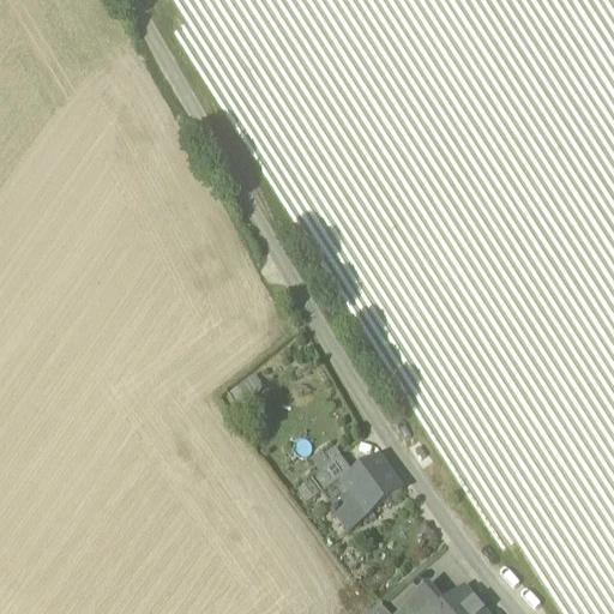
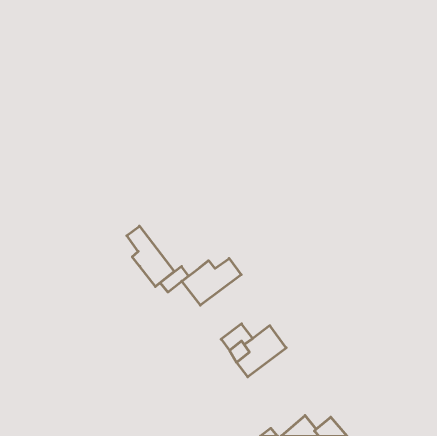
building: none -> [127,226,174,287]
building: none -> [182,258,241,305]

